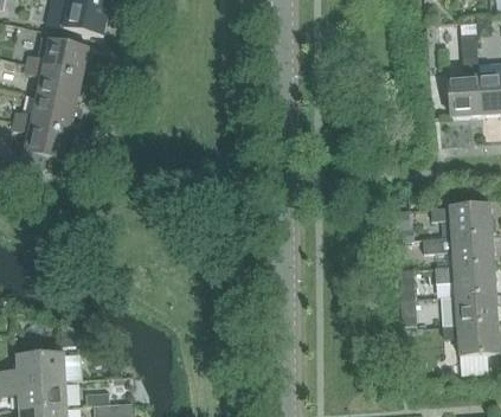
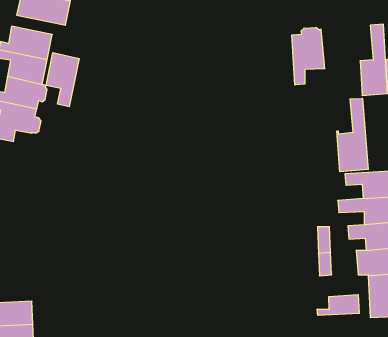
building: none -> [292,27,325,85]
building: none -> [46,53,79,107]
building: none -> [337,98,368,172]
building: none -> [317,295,359,315]

